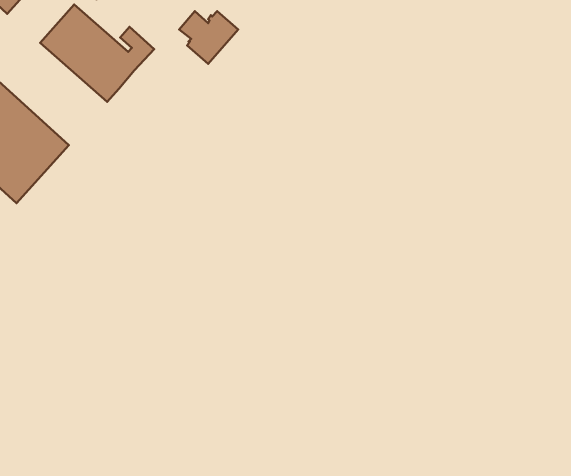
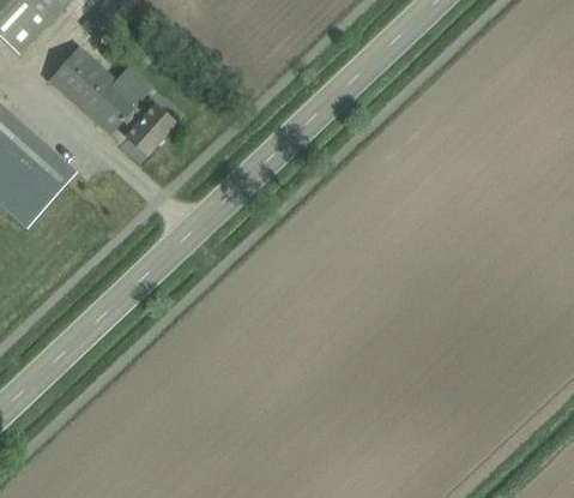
building: [179,11,238,64] -> [121,104,175,152]

